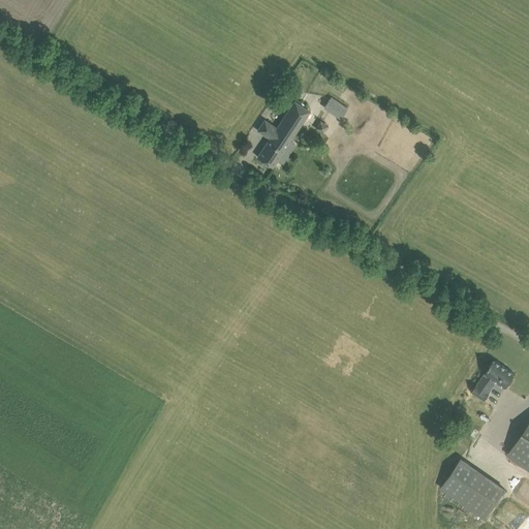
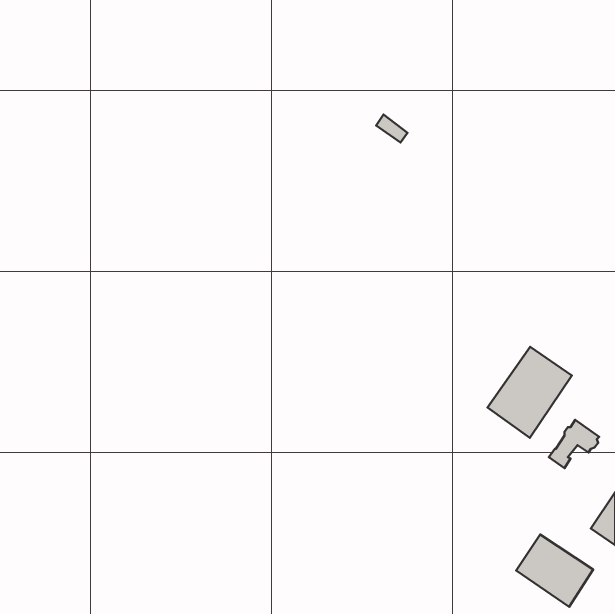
building: [256,103,309,169] -> none
building: none -> [488,347,572,438]

